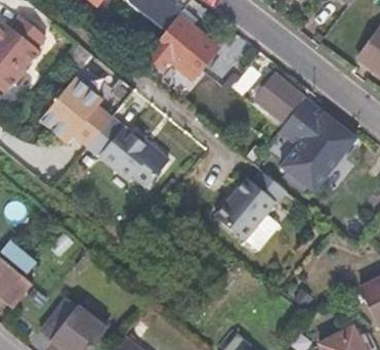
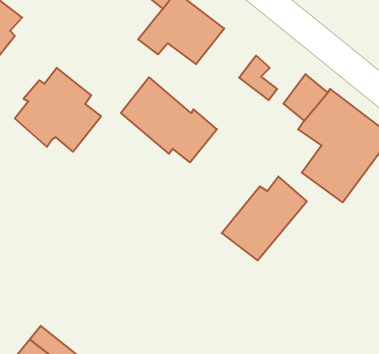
building: [93,121,173,191] -> [121,77,217,162]

